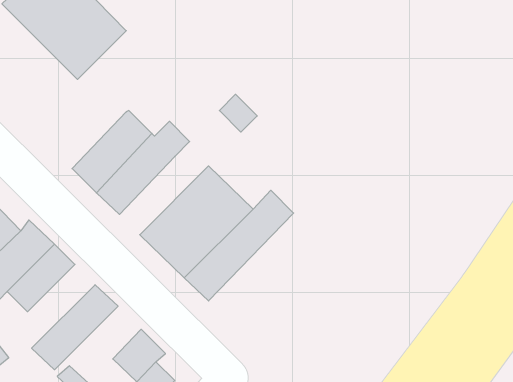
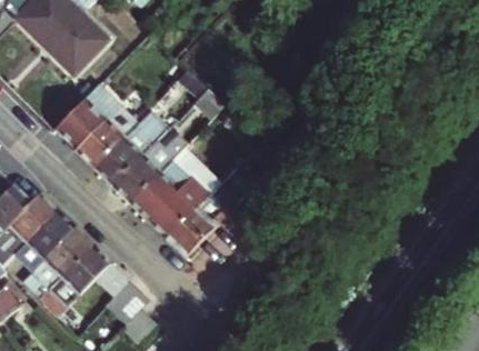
building: none -> [52,86,116,150]
building: none -> [110,134,187,204]
building: none -> [21,229,90,298]

